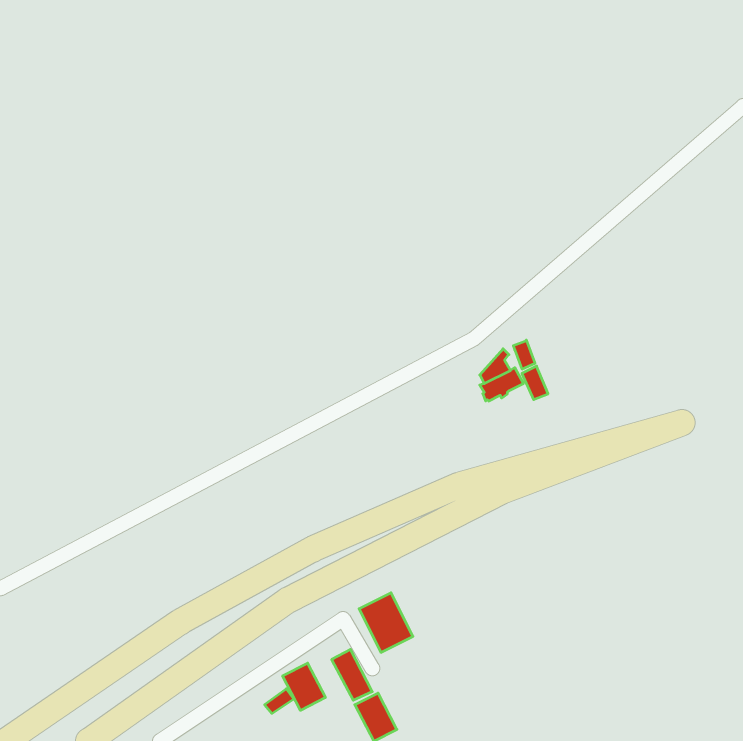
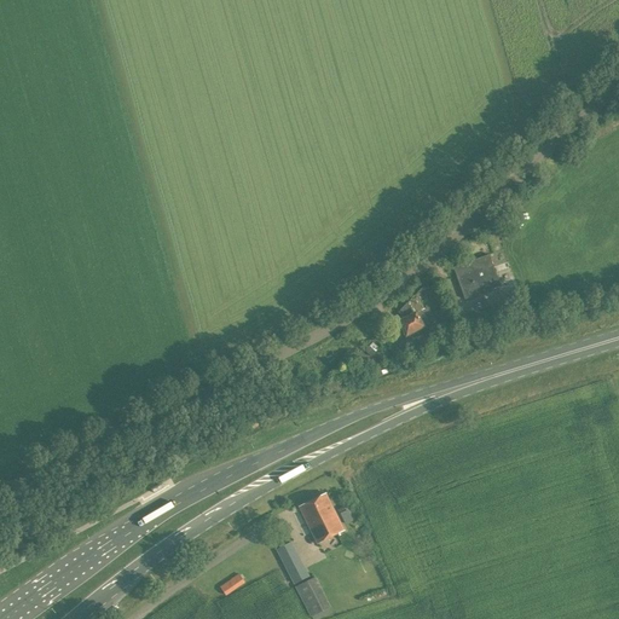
building: none -> [453,254,501,299]
building: [283,663,325,710] -> none

